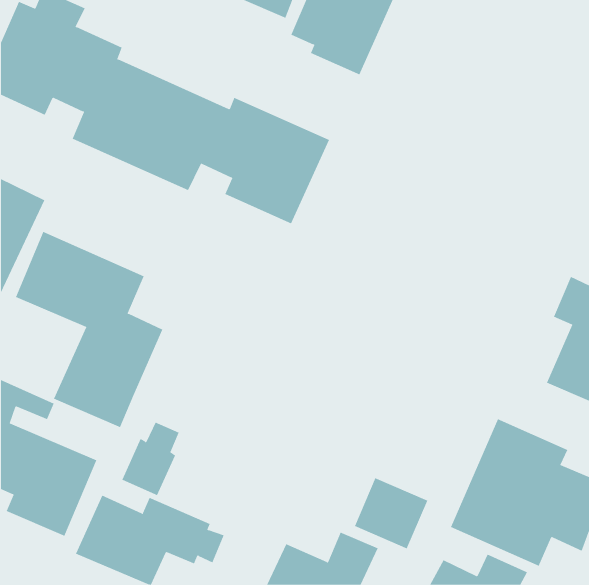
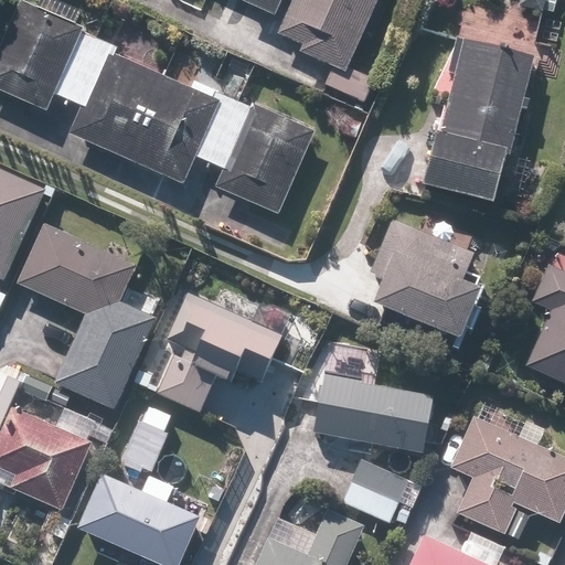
building: none -> [422,42,532,207]
building: none -> [356,216,480,343]
building: none -> [134,285,285,409]
building: none -> [312,375,434,455]

